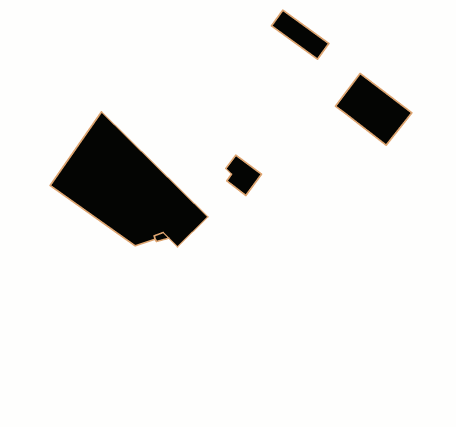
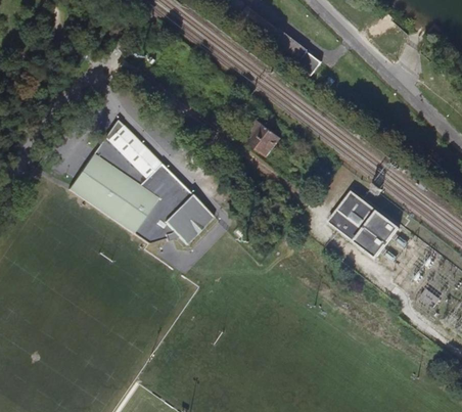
building: [336,74,412,145] -> [330,192,400,258]
building: [226,155,262,195] -> [248,120,281,156]

